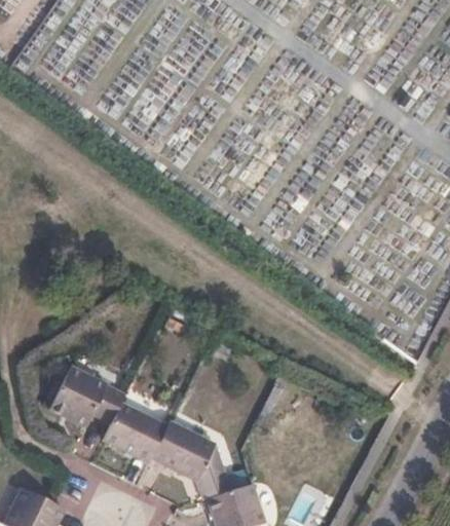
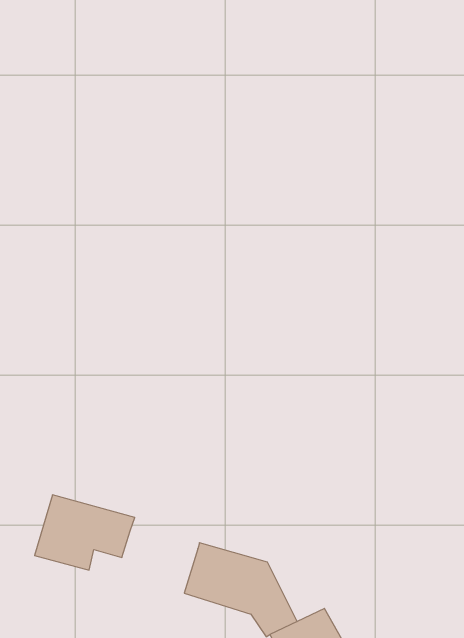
building: [103,405,167,463] -> none

